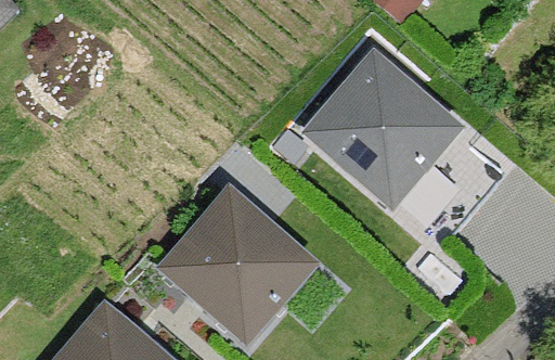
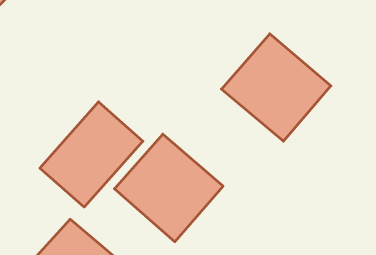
building: none -> [40,102,143,207]

